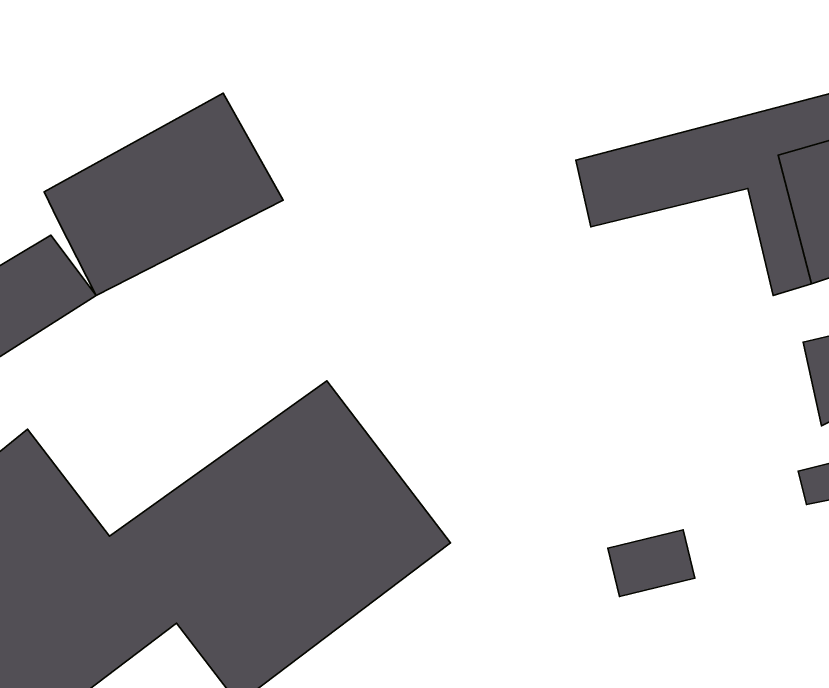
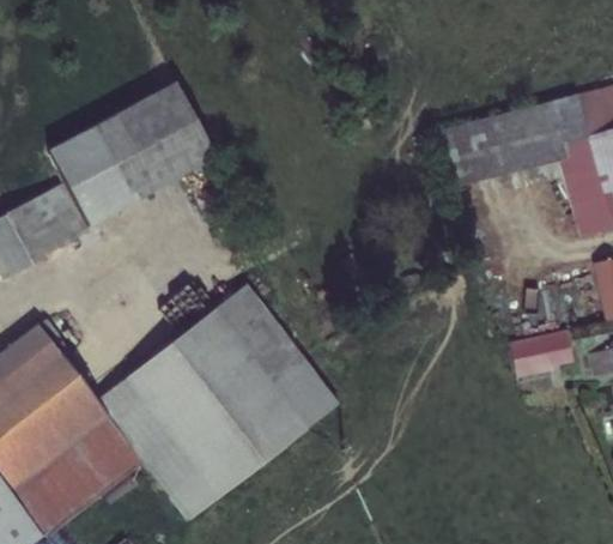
building: [608,530,695,597] -> [510,330,572,377]

